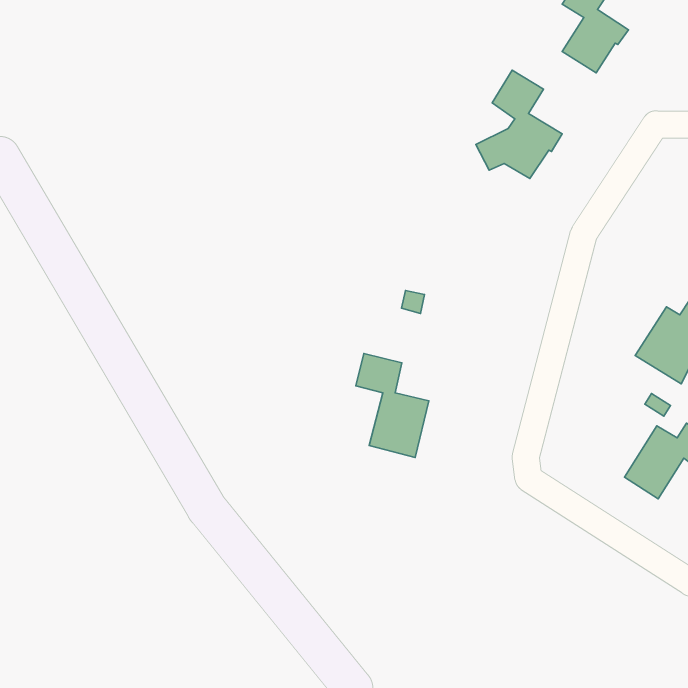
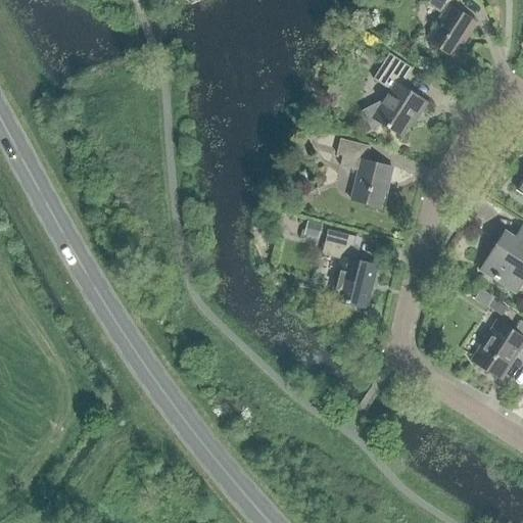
building: none -> [337,138,393,206]
building: [356,353,429,458] -> [322,229,377,307]

